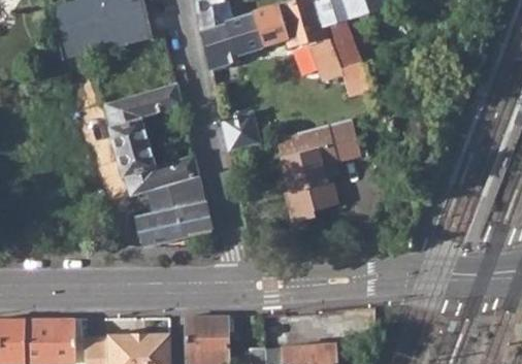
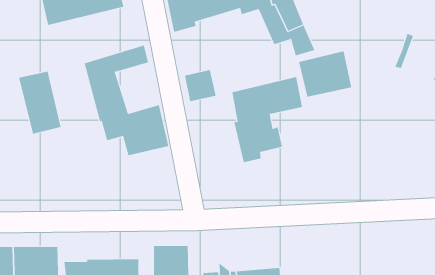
building: none -> [298,51,352,98]
building: none -> [18,71,61,134]
building: [136,201,210,244] -> none

